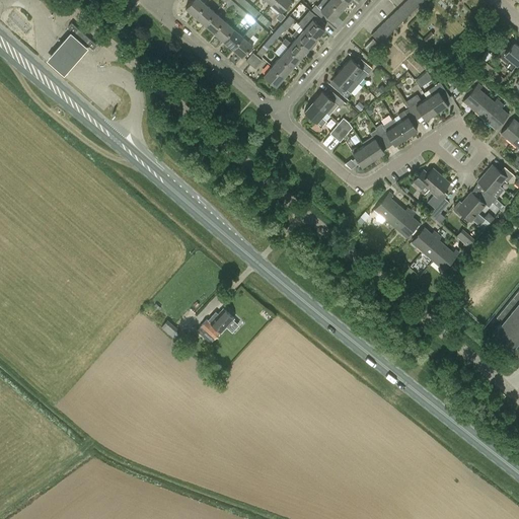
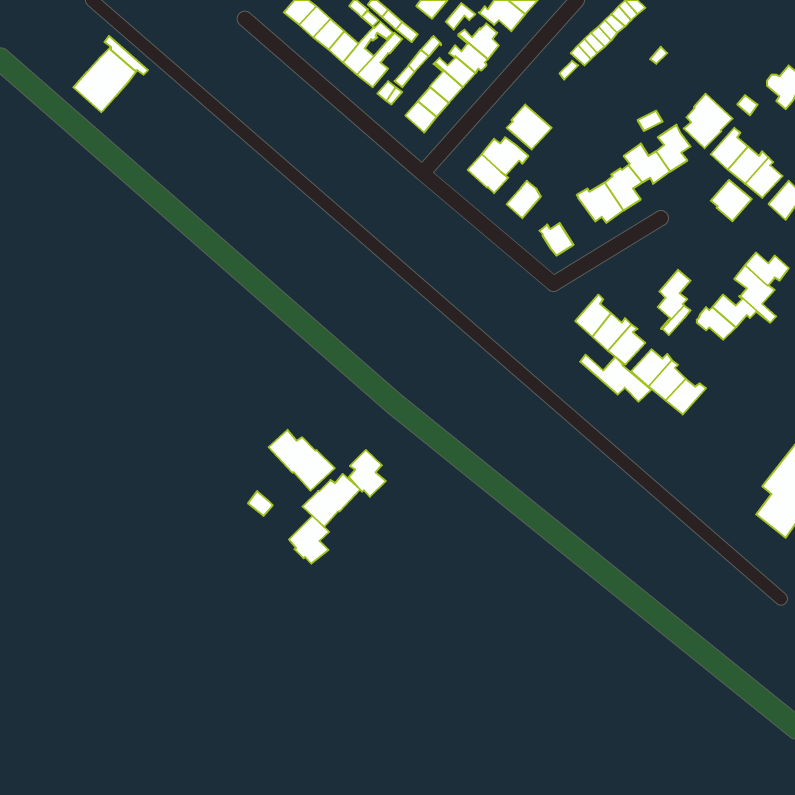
building: [343,58,373,84] -> none
building: none -> [684,94,733,148]
building: none -> [711,180,752,221]
building: [363,130,388,160] -> none
building: [414,168,442,195] -> none
building: none -> [580,355,651,402]
building: none -> [269,430,335,491]
building: none -> [349,450,386,497]
building: none -> [289,516,329,564]

